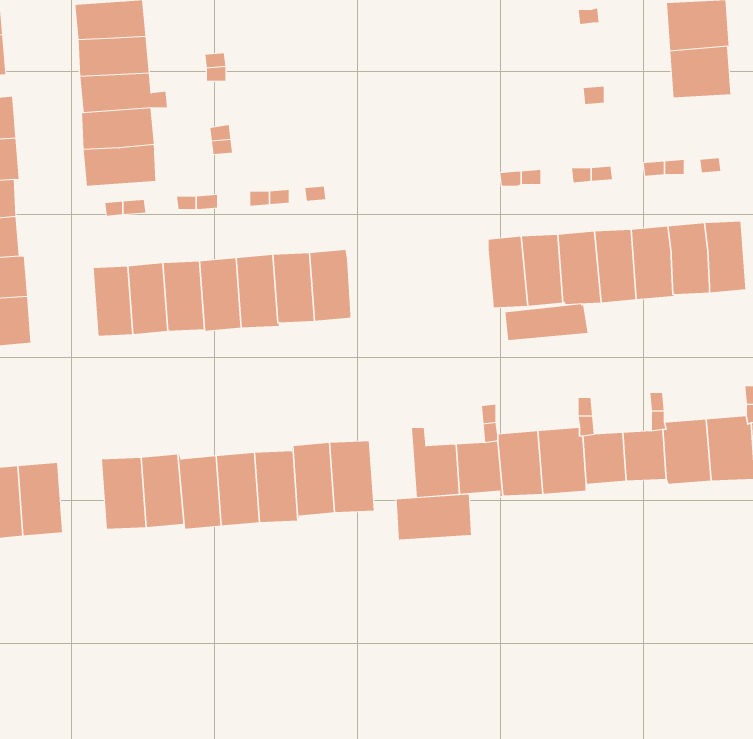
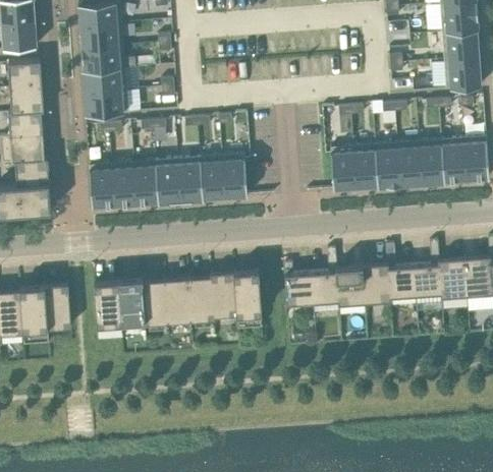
building: none -> [443,62,481,92]
building: [505,304,588,341] -> none
building: [396,494,471,541] -> none

